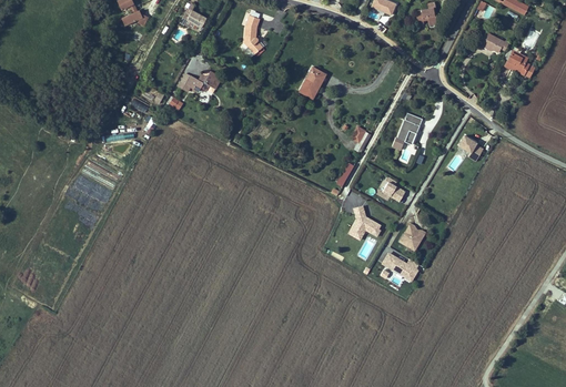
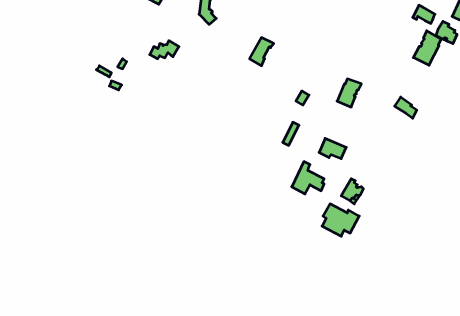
building: none -> [413,31,441,65]

